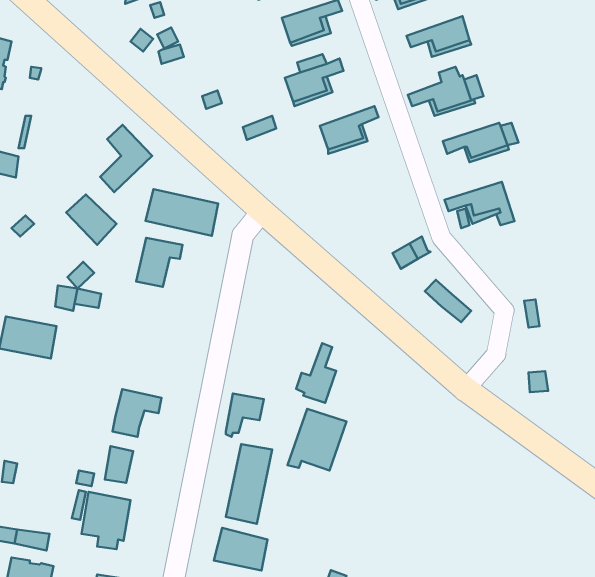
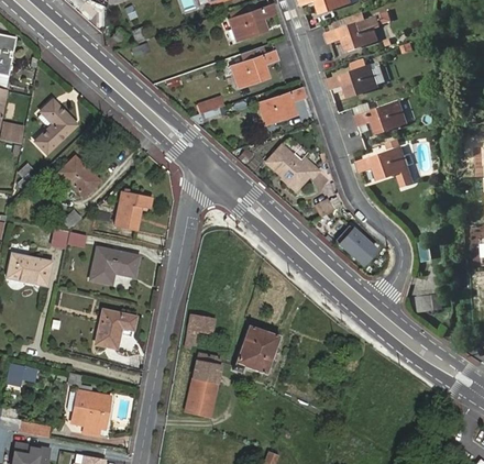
building: [100,125,152,192] -> [35,100,76,153]
building: none -> [266,142,319,187]
building: [146,189,218,236] -> none
building: none -> [90,247,138,284]
building: [296,343,336,403] -> none
building: [105,446,133,483] -> none
building: [214,528,267,570] -> none

